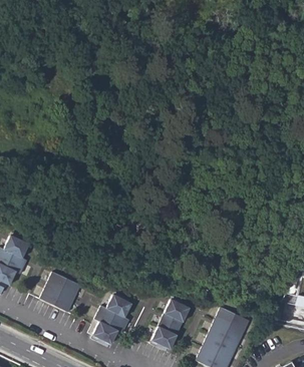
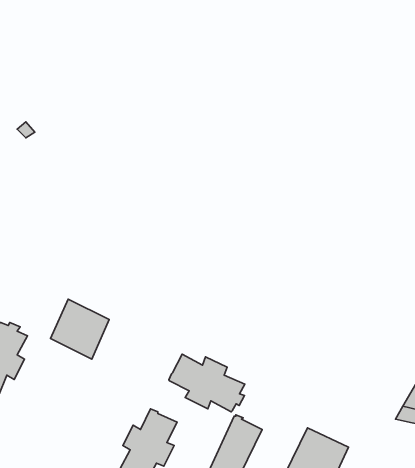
building: none -> [169,354,245,412]
building: [40,271,80,312] -> [51,299,109,359]

